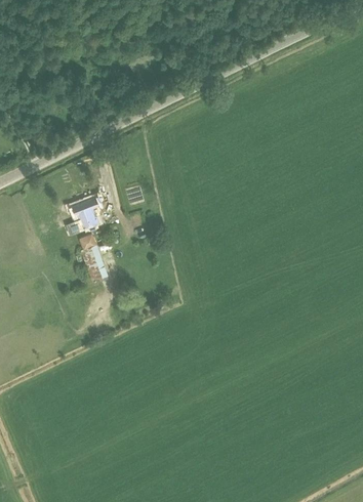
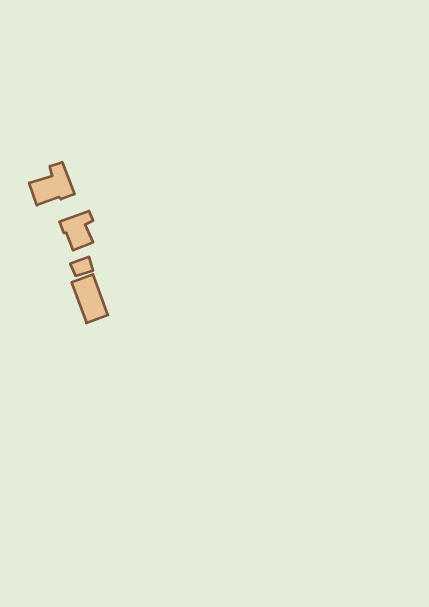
building: none -> [29,162,74,205]

